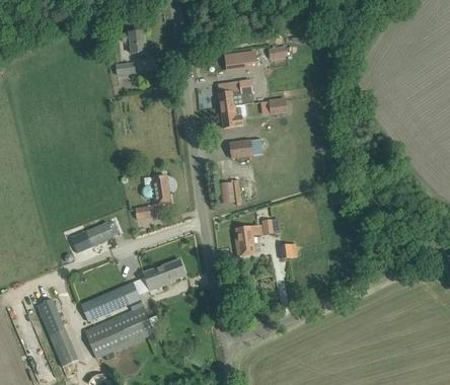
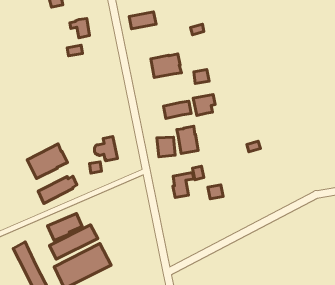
building: [224,51,256,70] -> [129,12,156,29]
building: [220,103,246,128] -> [193,95,215,115]
building: none -> [177,126,198,154]
building: none -> [27,144,68,179]
building: [142,258,184,290] -> [47,214,82,241]

